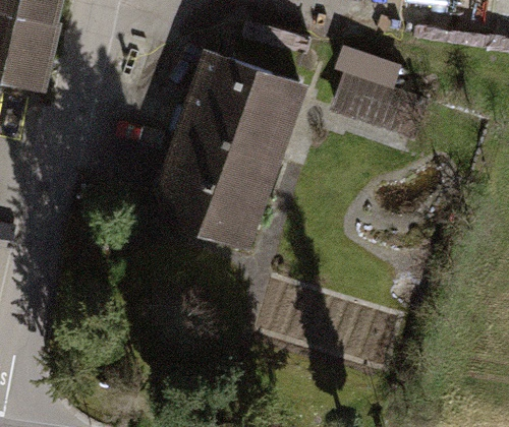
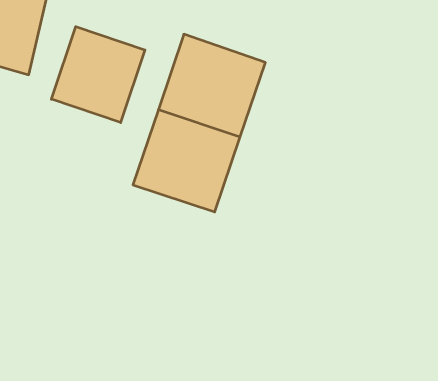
building: none -> [51,27,145,123]
building: [336,48,402,121] -> none

